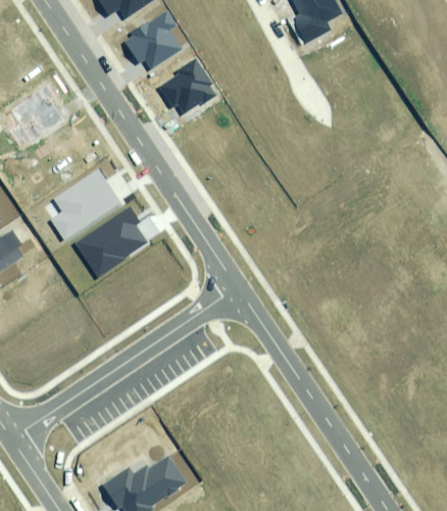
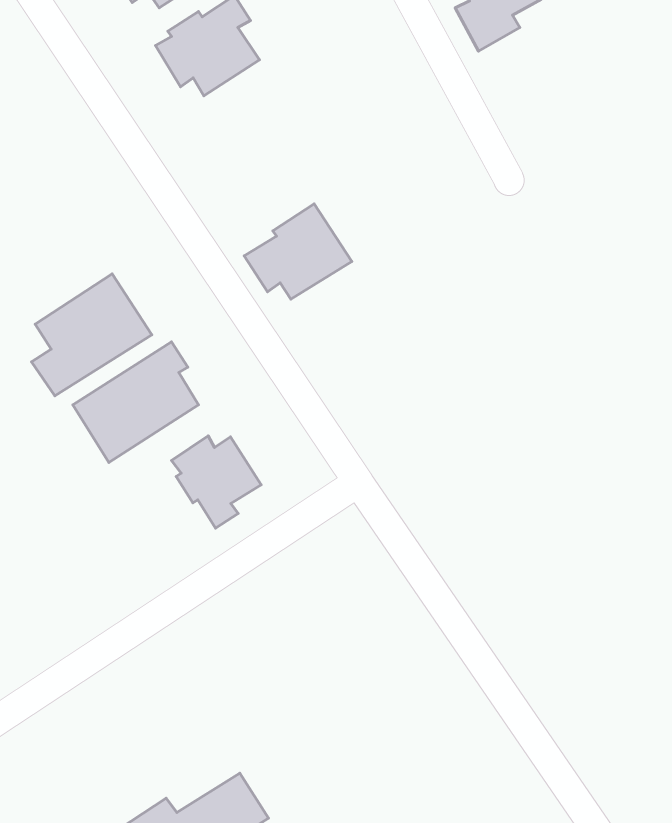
building: [157,58,218,112] -> [244,204,352,299]
building: none -> [172,436,261,528]

